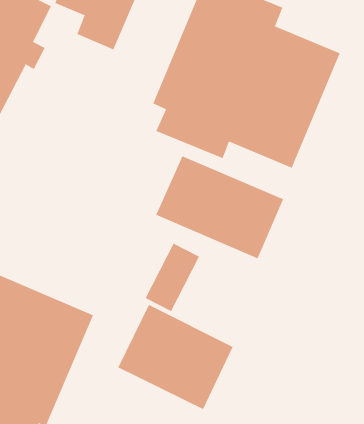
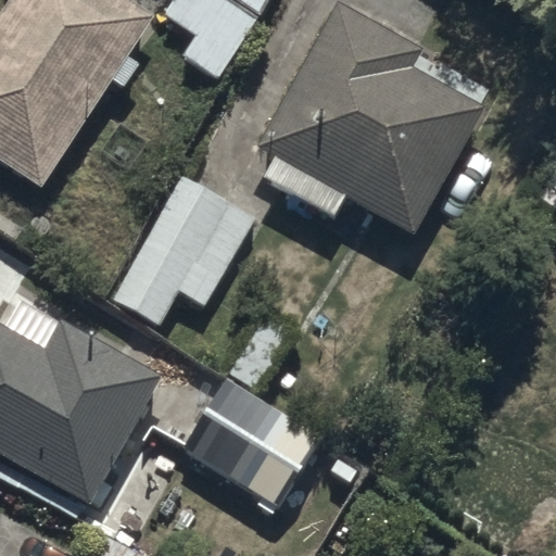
building: none -> [109,175,253,324]
building: [155,156,284,259] -> none

